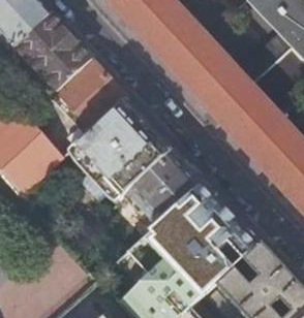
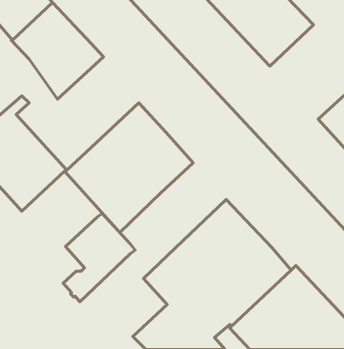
building: [51,57,125,132] -> none
building: [140,147,203,224] -> [63,213,135,302]

